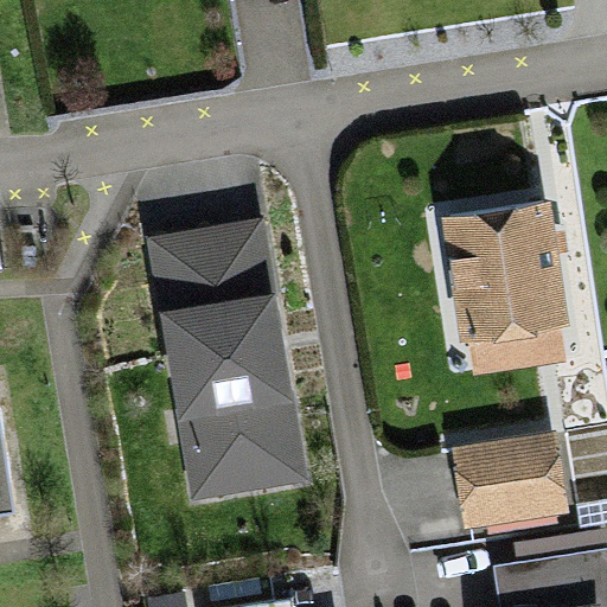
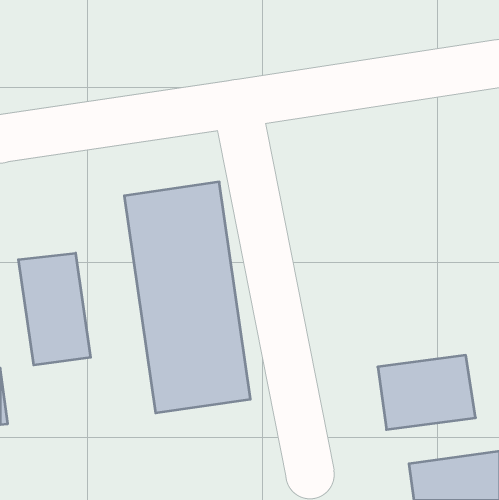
building: [434,204,566,356] -> none
building: none -> [18,253,91,365]

